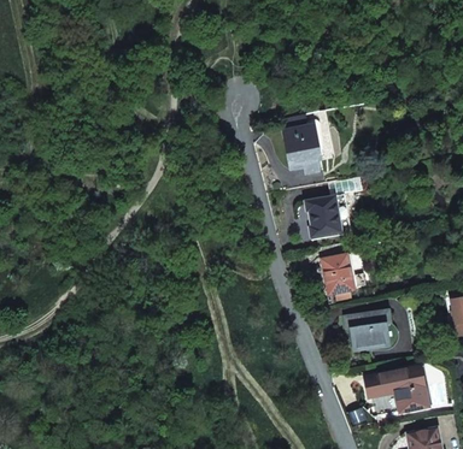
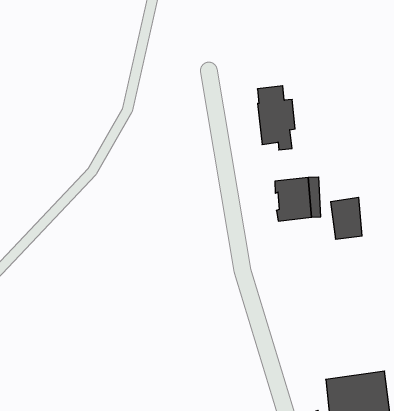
building: [322,253,353,293] -> [331,197,362,239]
building: [345,309,393,347] -> none

